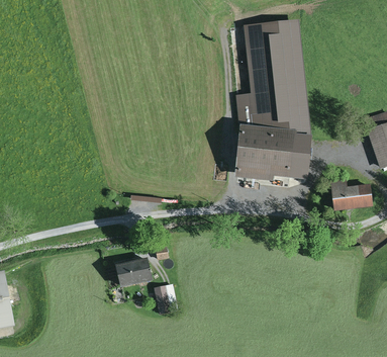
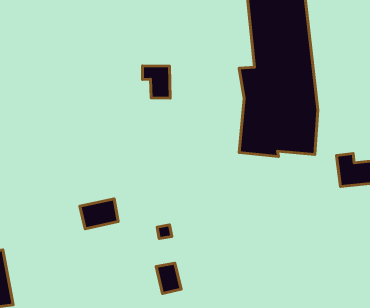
building: none -> [142,66,170,98]
building: [114,256,152,285] -> [80,199,118,229]

